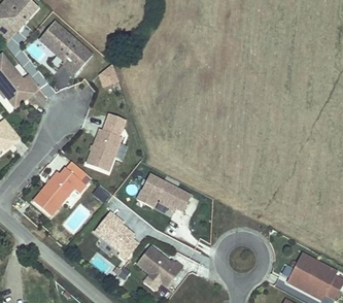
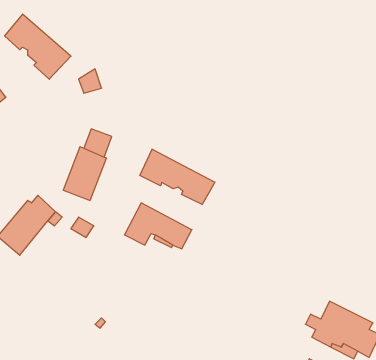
building: none -> [140,149,215,205]
building: [94,211,138,260] -> none
building: [137,245,182,290] -> none

